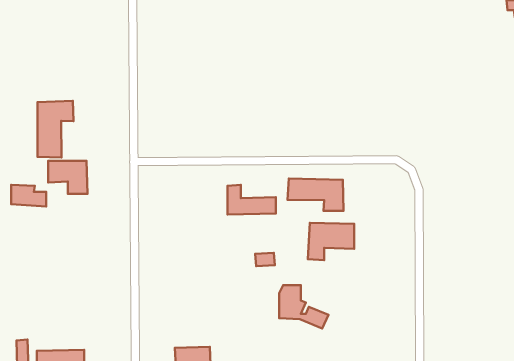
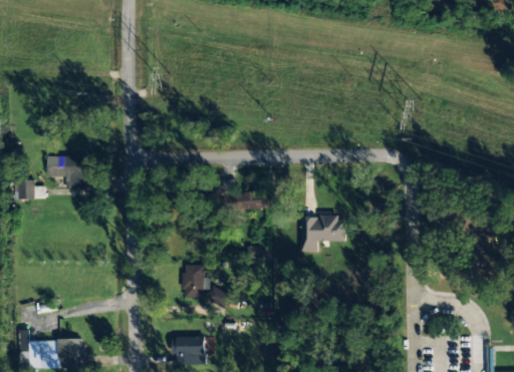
building: [37,101,73,157] -> none
building: [288,179,344,211] -> none
building: [279,285,329,328] -> [184,266,232,308]

